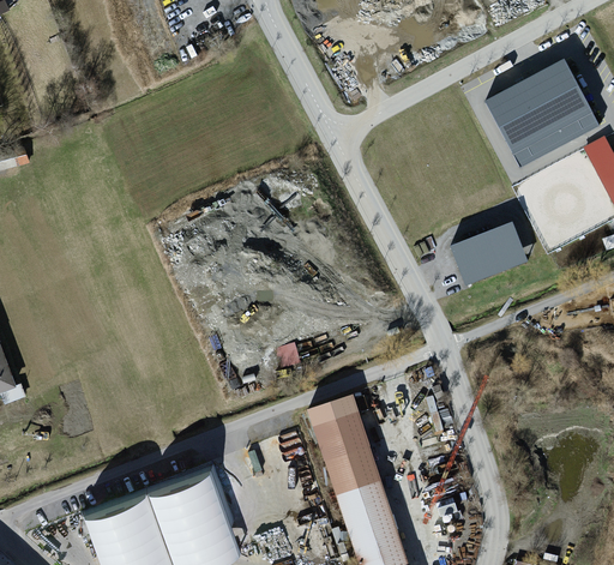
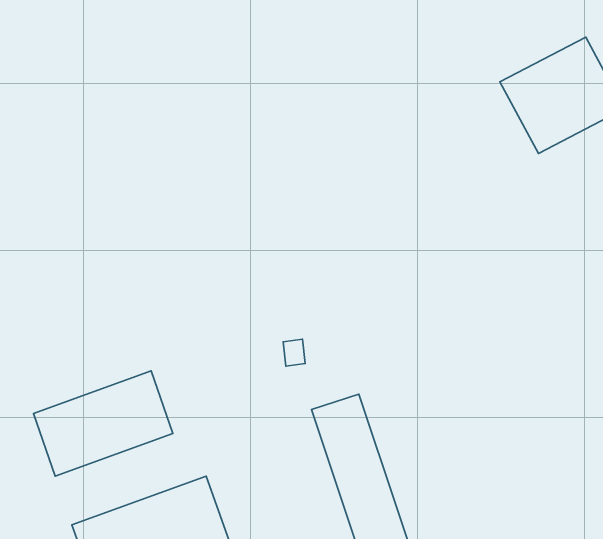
building: [450,222,528,285] -> none
building: none -> [34,371,173,476]

